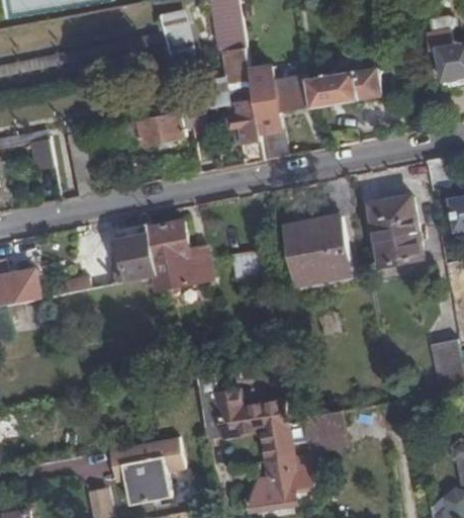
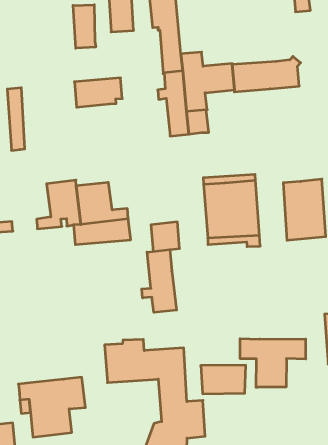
building: none -> [73,5,96,48]
building: none -> [142,250,177,312]
building: none -> [240,339,306,387]

